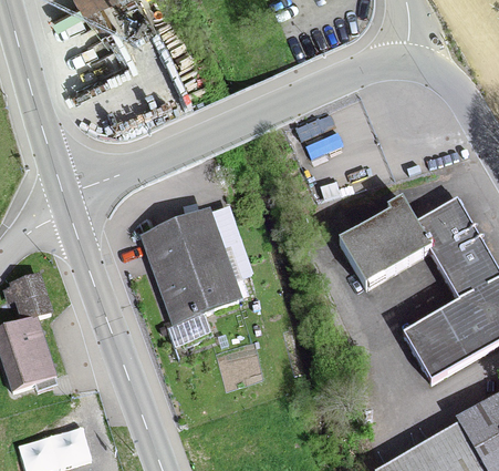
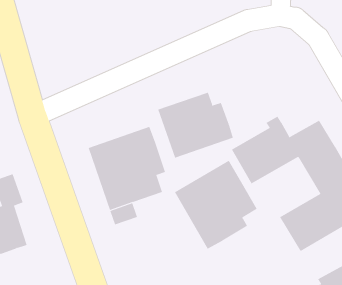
building: none -> [158,92,234,158]
building: none -> [174,160,258,249]

